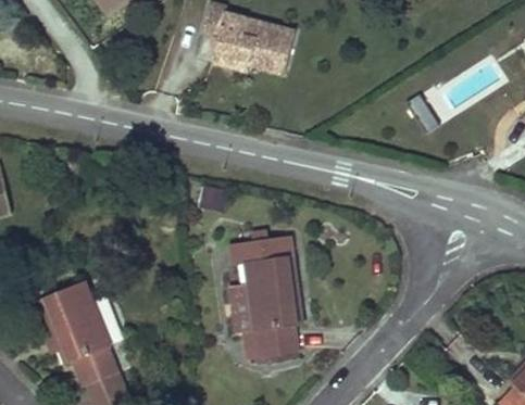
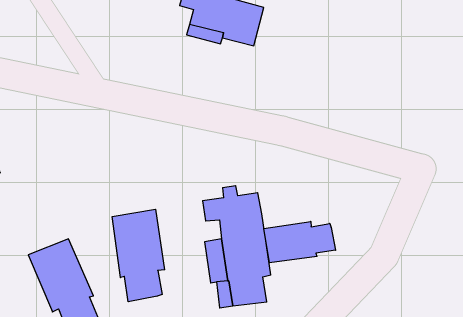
building: none -> [112,209,165,302]
building: none -> [264,221,336,263]

